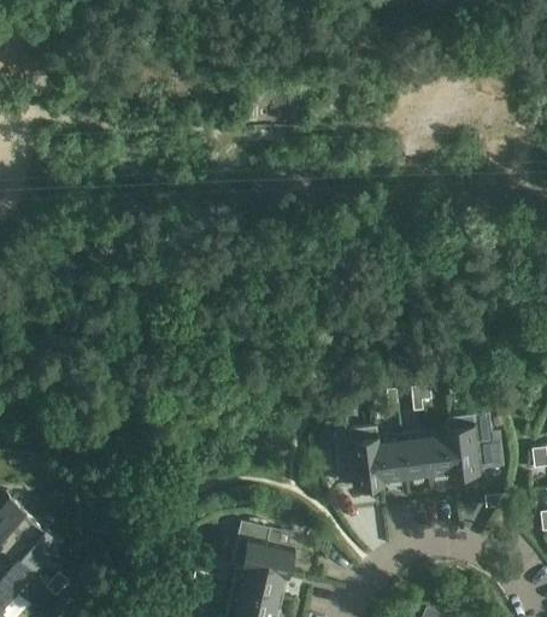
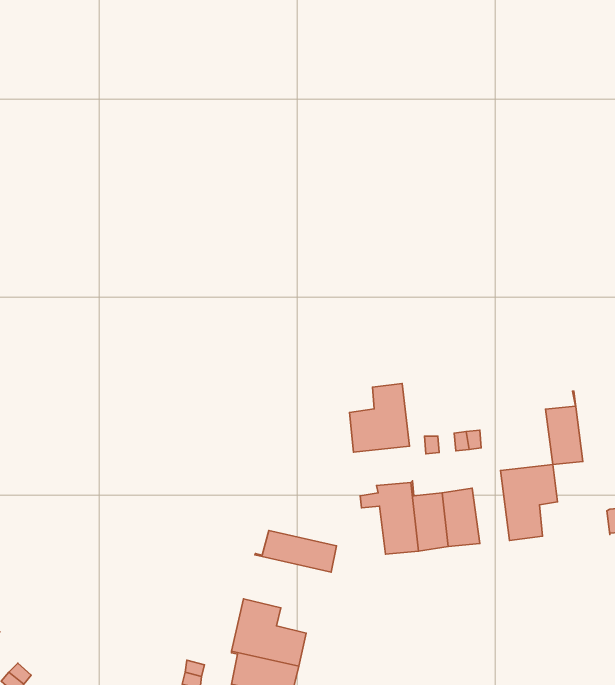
building: none -> [349,383,409,452]
building: [428,419,458,478] -> [545,391,583,464]
building: none -> [255,530,337,572]

